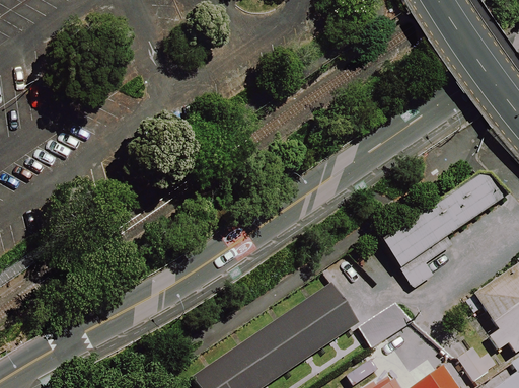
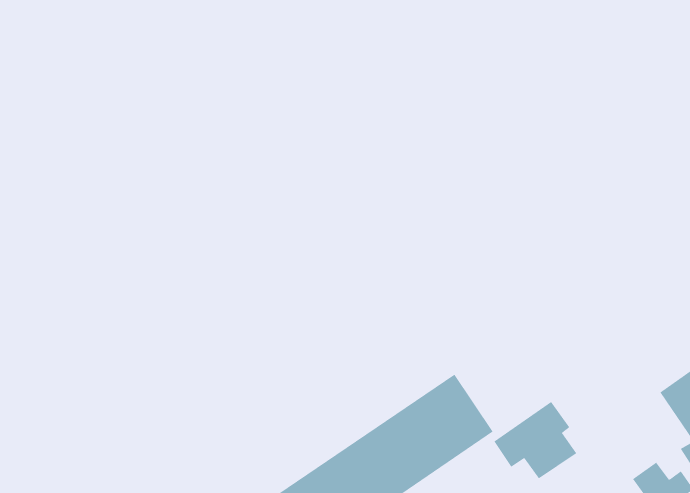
building: [370,179,489,292] -> none

